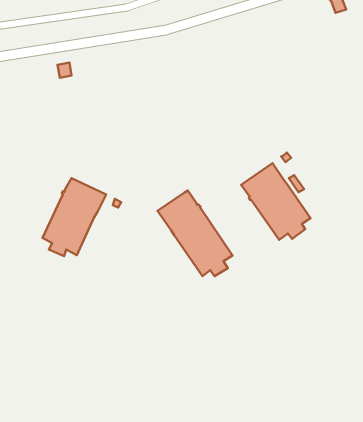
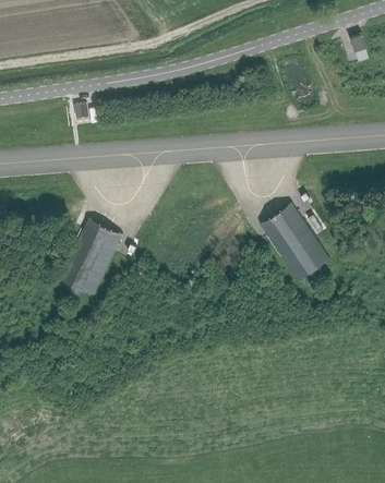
building: [158,190,232,276] -> none

